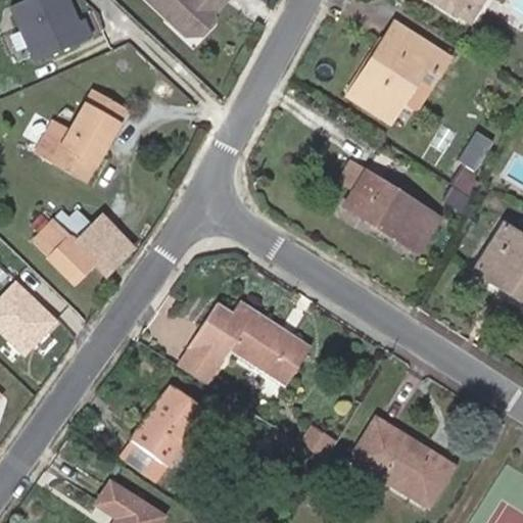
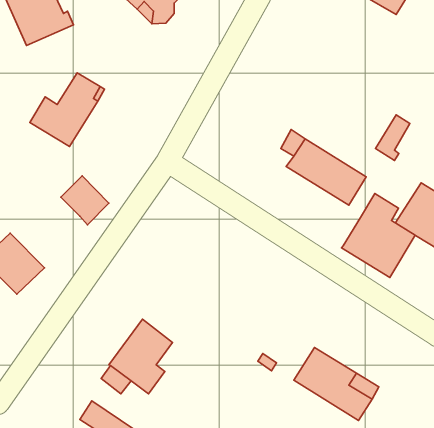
building: [348,22,446,121] -> none
building: [33,219,97,283] -> none
building: none -> [342,194,415,278]
building: [177,302,310,386] -> none

